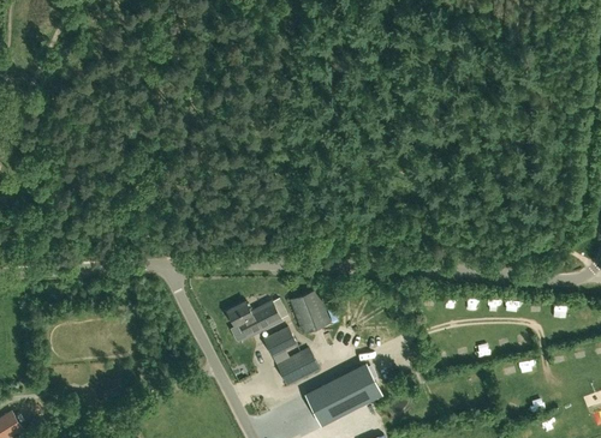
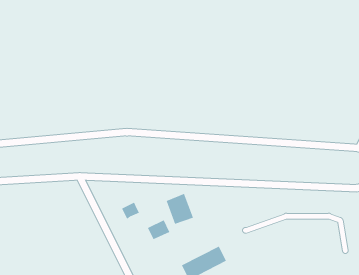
building: [239,302,280,335] -> none
building: [275,349,319,386] -> none

